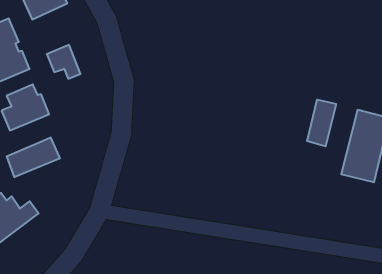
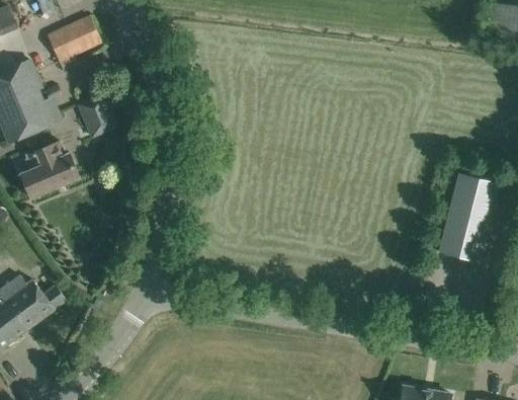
building: [307,100,336,146] -> none
building: [7,137,60,177] -> none

